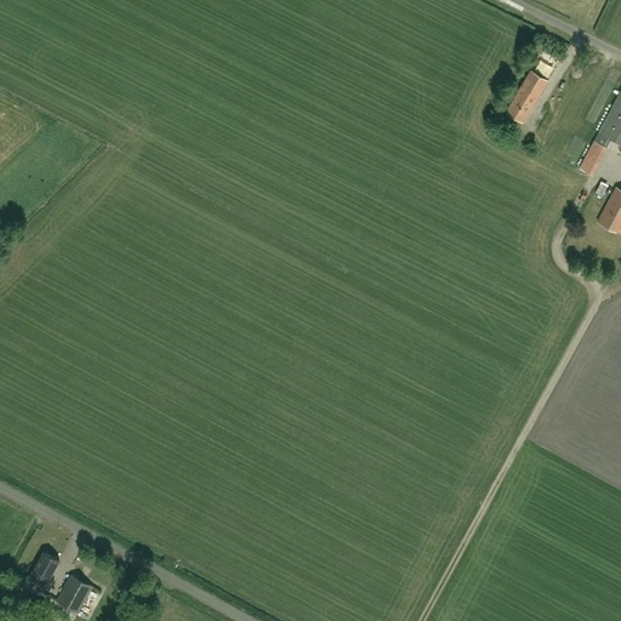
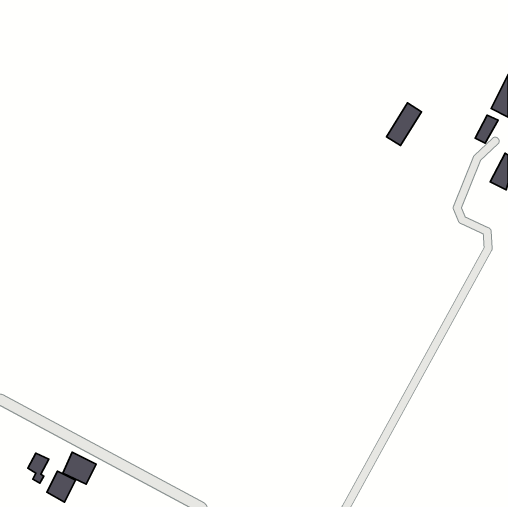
building: [506,72,548,124] -> [387,103,421,146]
building: none -> [63,452,96,484]

